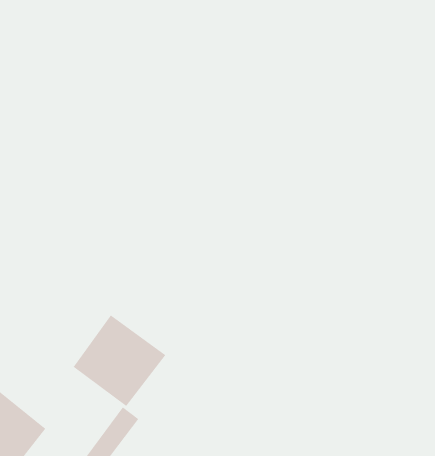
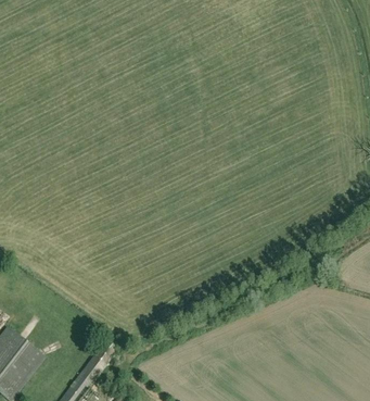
building: [73,314,166,407] -> none

